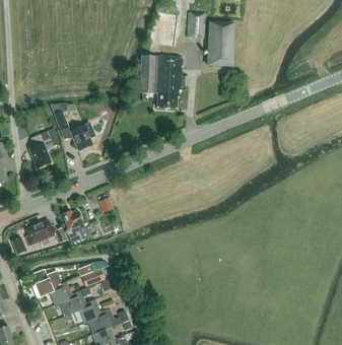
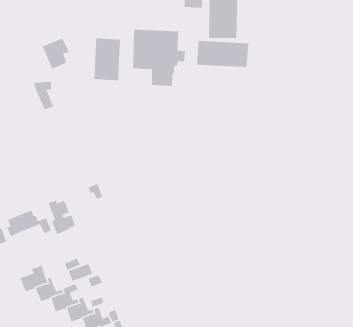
building: none -> [93,37,121,81]
building: none -> [196,40,249,68]
building: [70,122,95,151] -> [42,37,70,70]
building: [29,129,60,167] -> none

